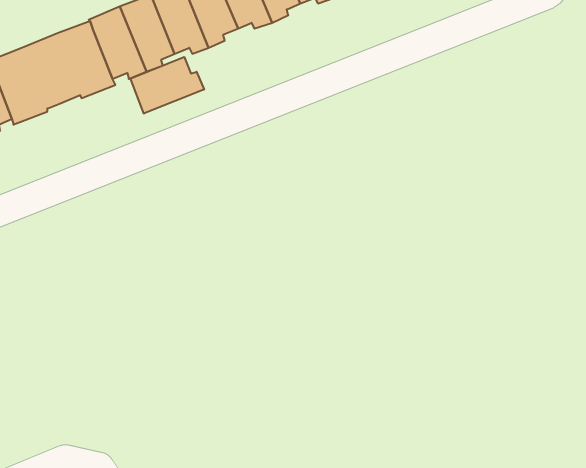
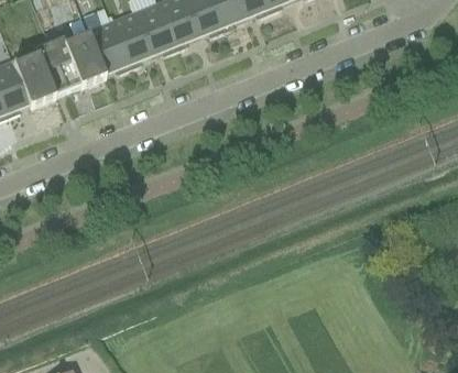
building: [131,57,204,114] -> none

